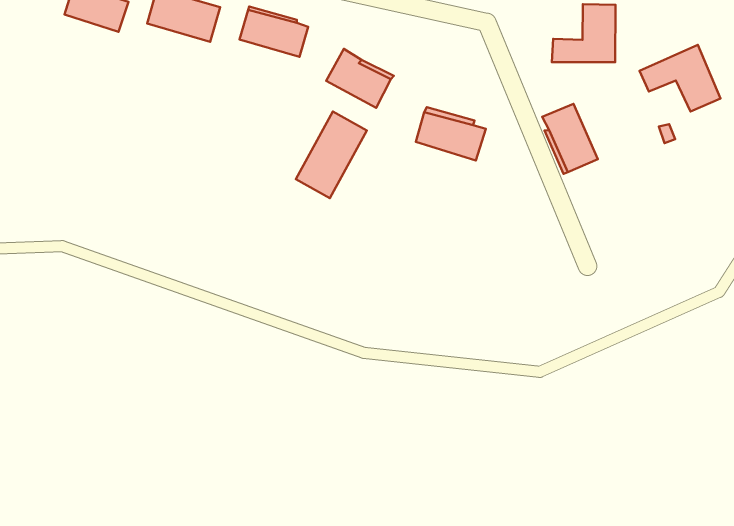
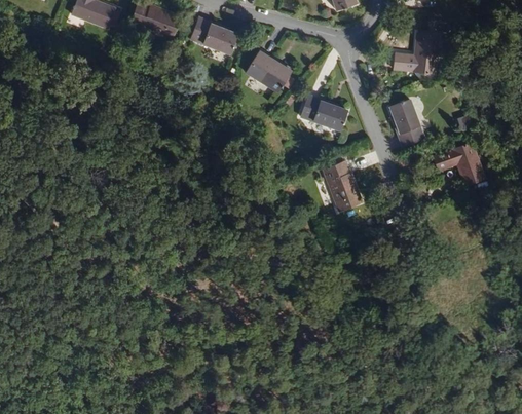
building: [639,45,720,112] -> [430,143,482,187]
building: [296,111,367,198] -> none
building: none -> [327,159,365,210]

